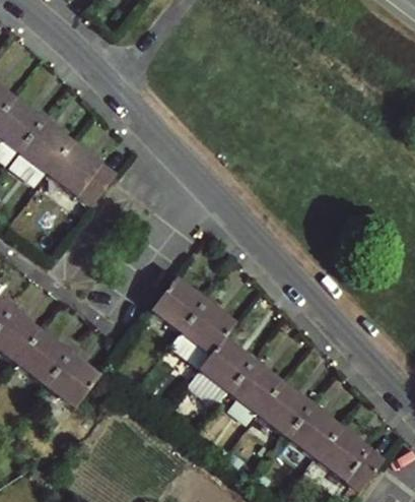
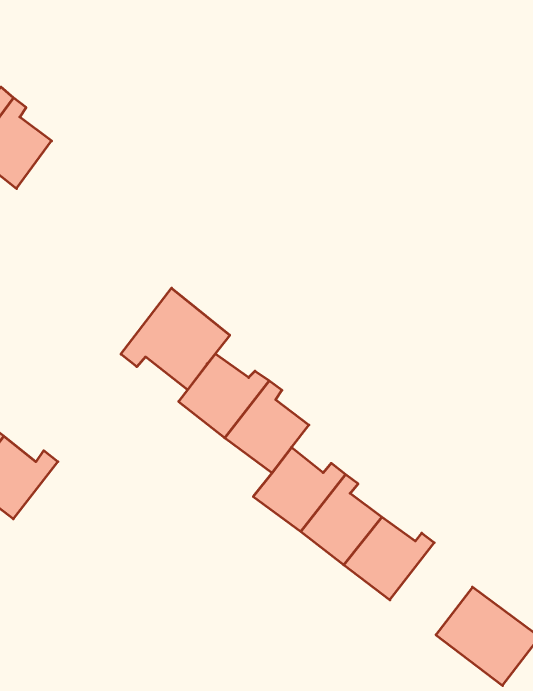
building: [47,141,113,204] -> none
building: none -> [121,288,230,390]
building: [45,347,98,406] -> none
building: [285,398,338,457] -> none

